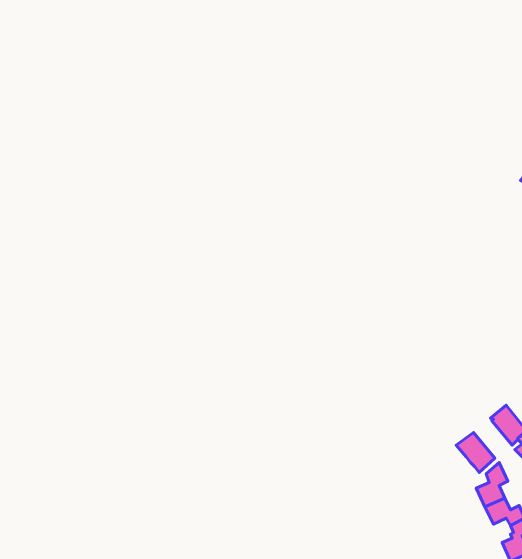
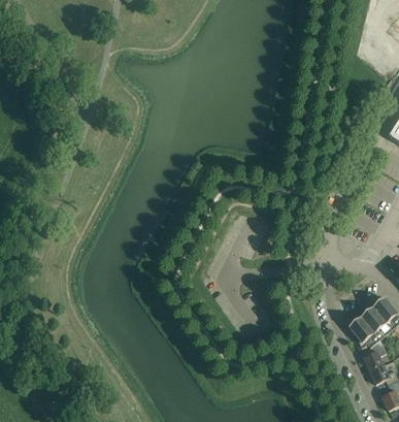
building: none -> [362,306,390,335]

